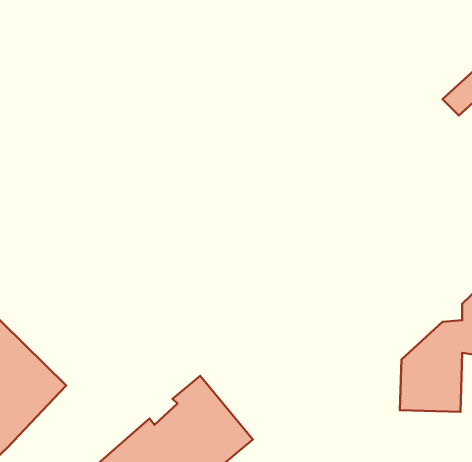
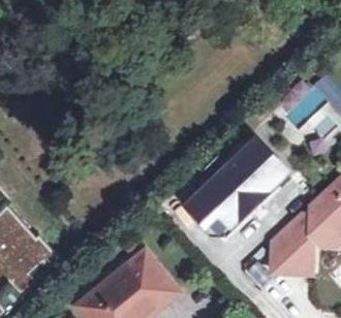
building: none -> [187,140,287,229]

